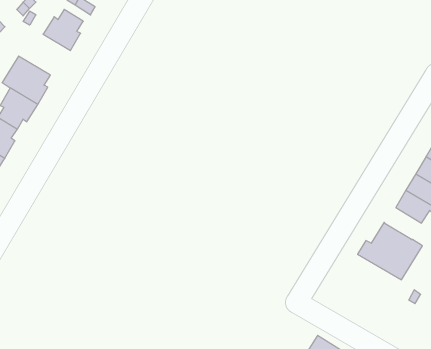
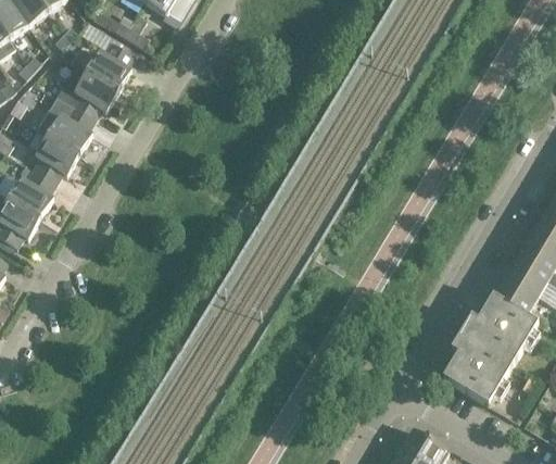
building: none -> [56,65,118,120]
building: none -> [494,277,536,315]
building: none -> [442,333,513,404]

